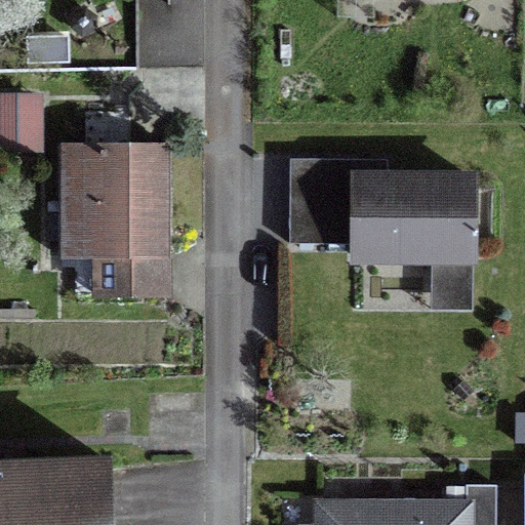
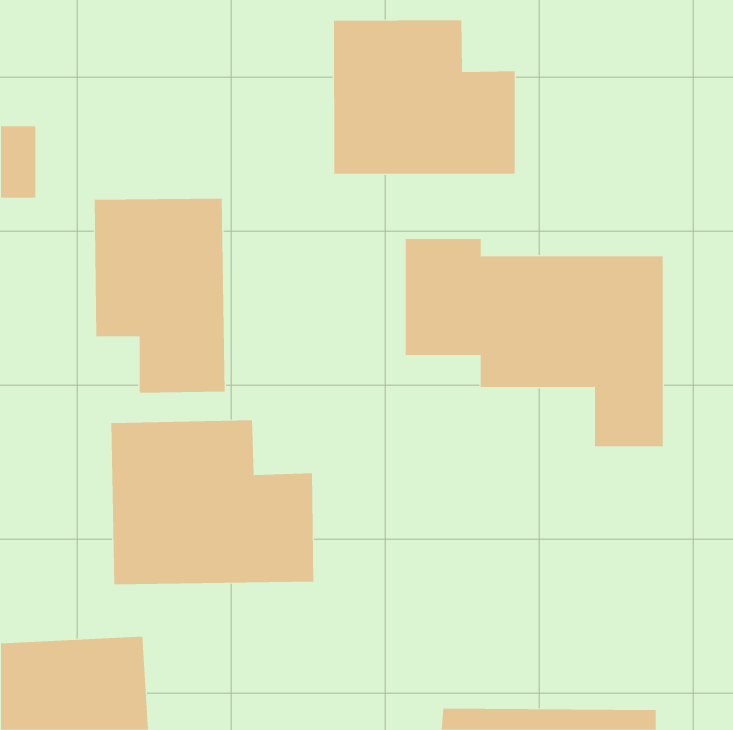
building: none -> [333,20,515,174]
building: none -> [111,420,314,585]

